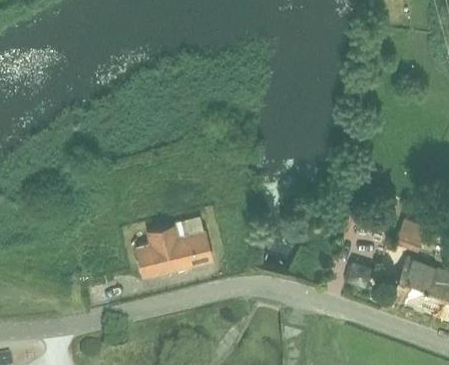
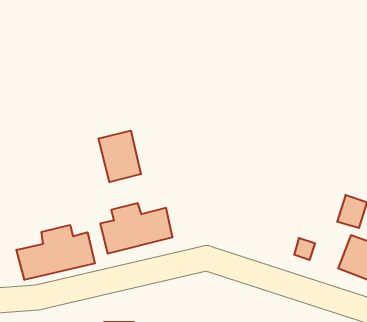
building: none -> [99,131,141,182]
building: none -> [16,225,95,280]

